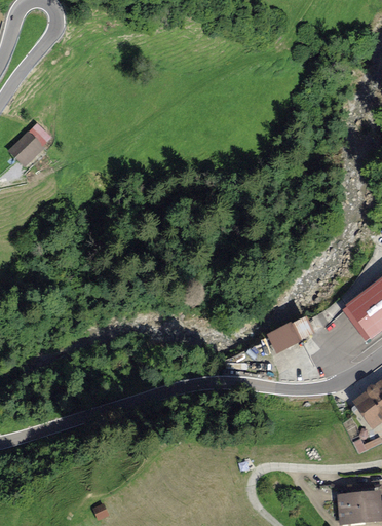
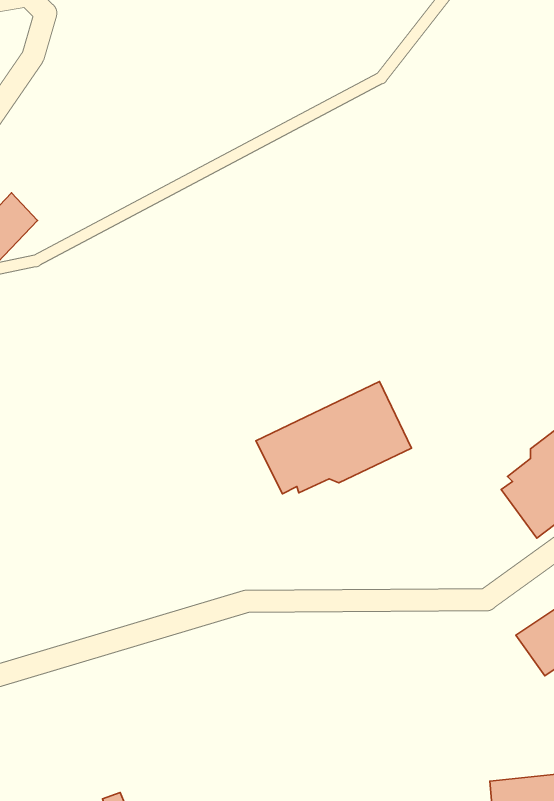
building: none -> [256,381,412,494]
building: [265,321,299,351] -> none

